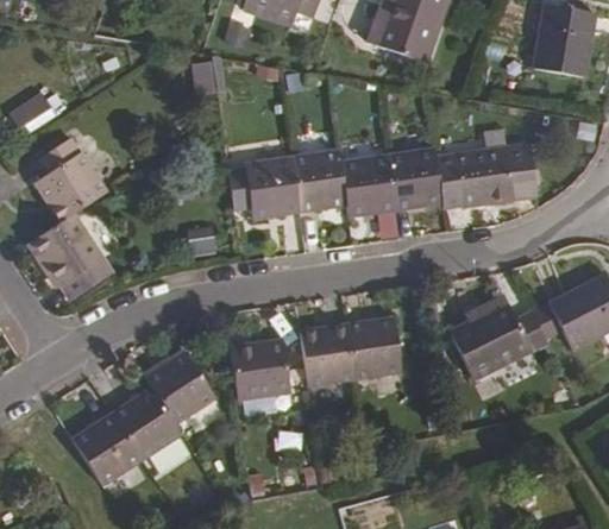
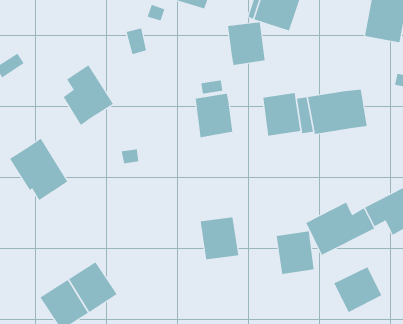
building: [34,136,107,222] -> [63,64,114,126]
building: [341,155,396,216] -> [227,22,266,65]
building: [245,156,300,219] -> none
building: [347,316,402,378] -> [276,231,314,275]
building: [231,338,291,398] -> none
building: [146,349,215,422] -> none
building: none -> [334,267,382,313]

